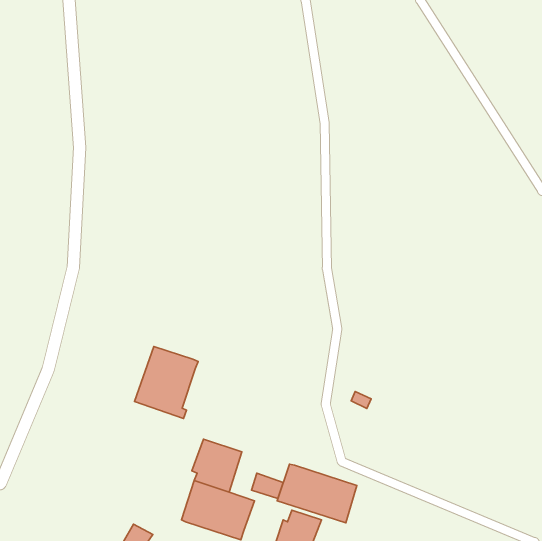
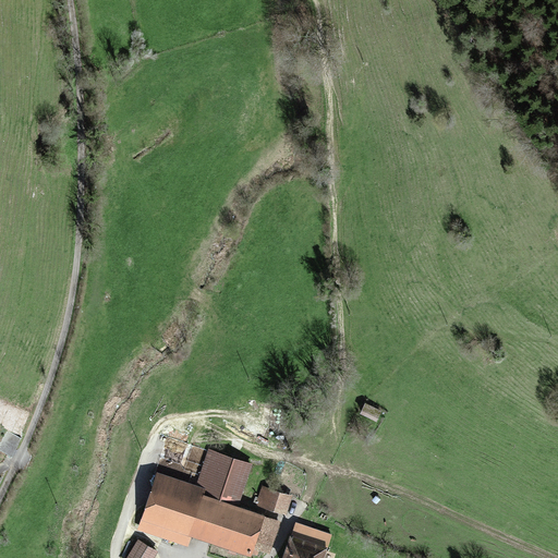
building: [135,346,198,419] -> [137,472,203,546]
building: [277,464,357,523] -> none
building: none -> [251,515,278,551]

